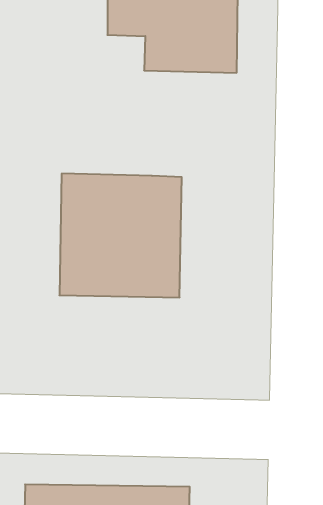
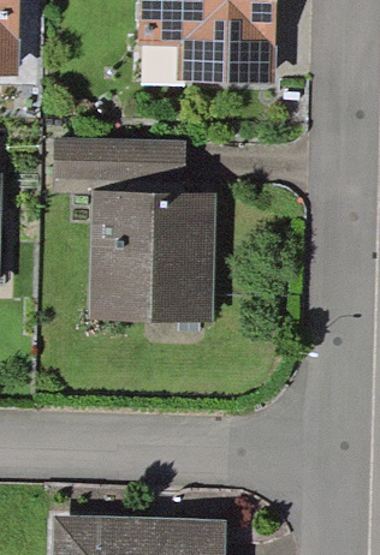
building: none -> [54,138,185,192]

